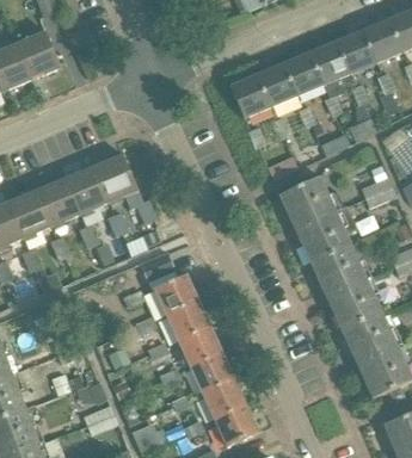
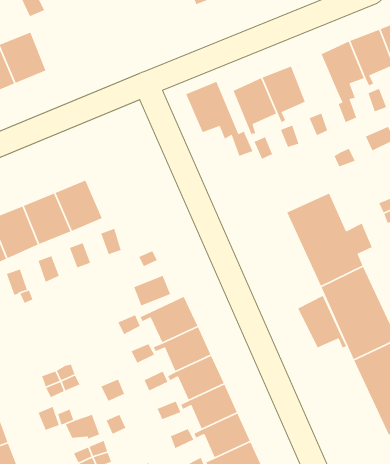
building: [283,51,324,104] -> none
building: [96,154,158,223] -> [185,81,253,157]
building: none -> [297,295,347,348]

